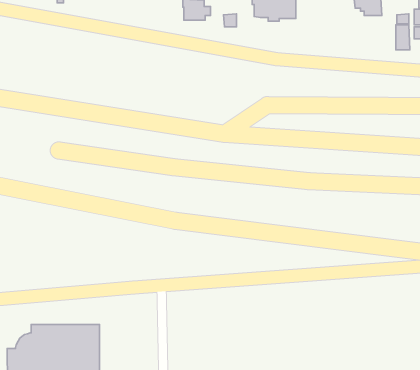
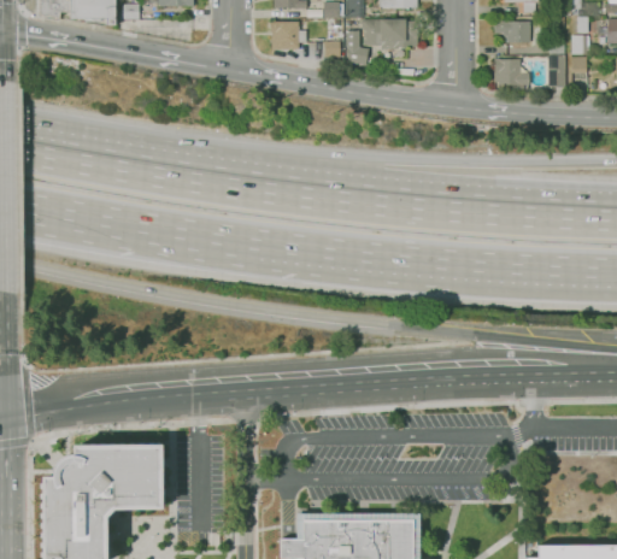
building: none -> [346,31,370,65]
building: none -> [494,59,529,92]

